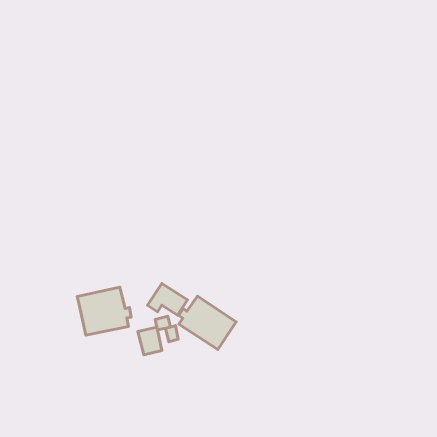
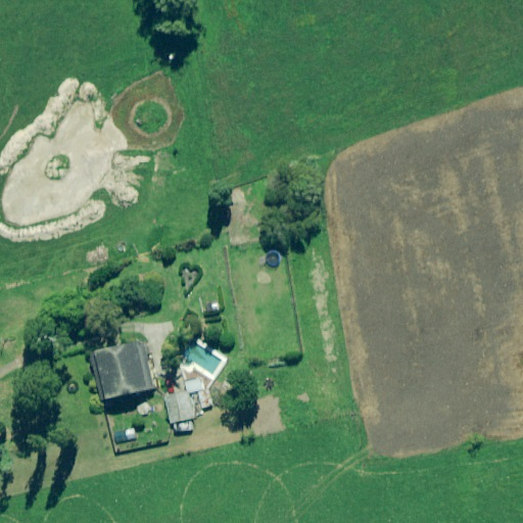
building: [179,296,236,349] -> none

